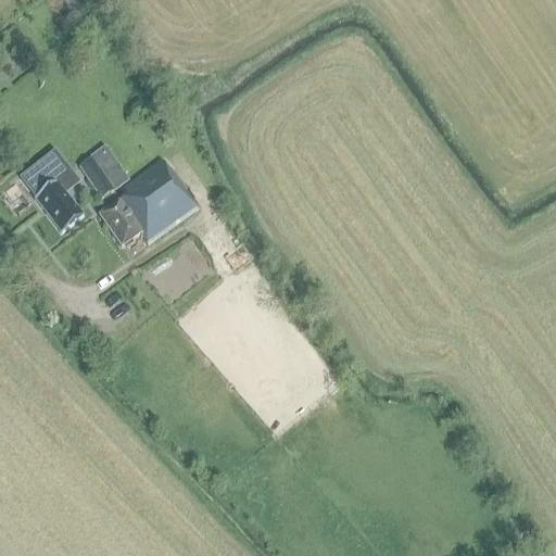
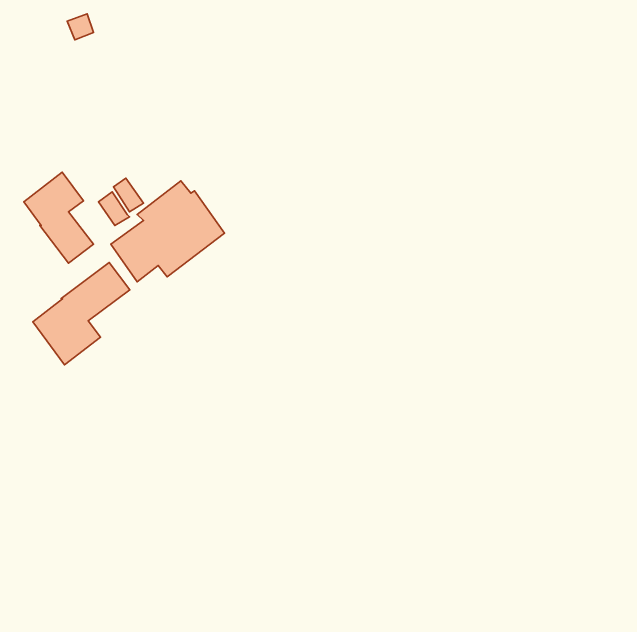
building: none -> [33,263,130,365]

